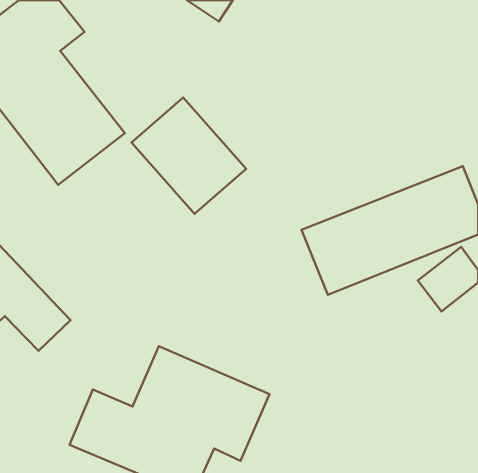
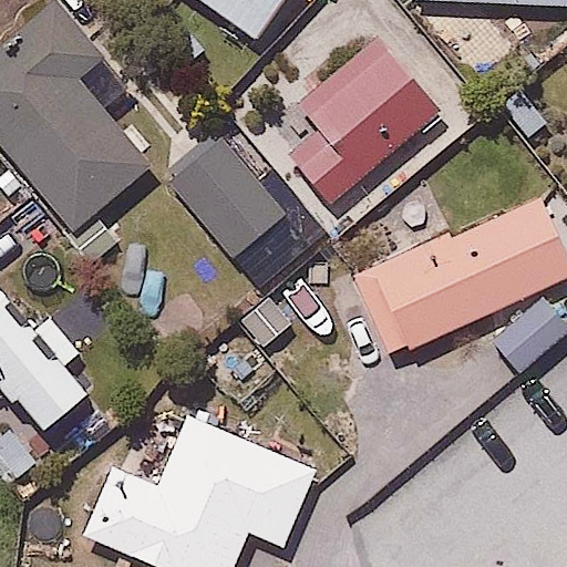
building: none -> [292,48,430,195]

